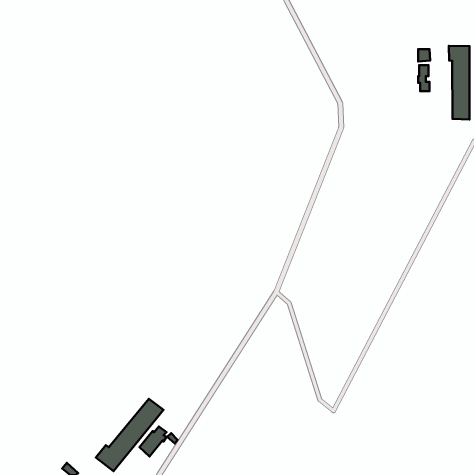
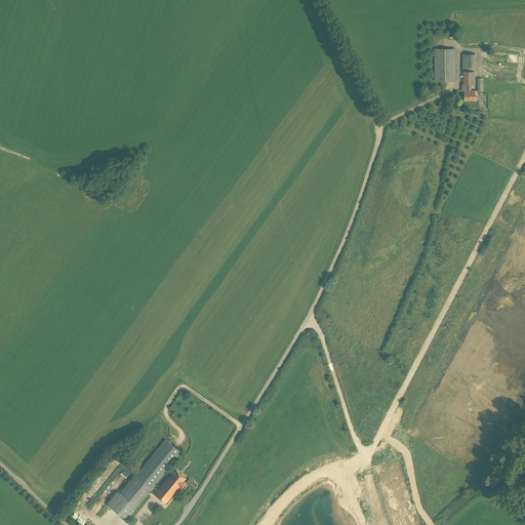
building: none -> [433,48,454,81]
building: [449,46,470,120] -> none

